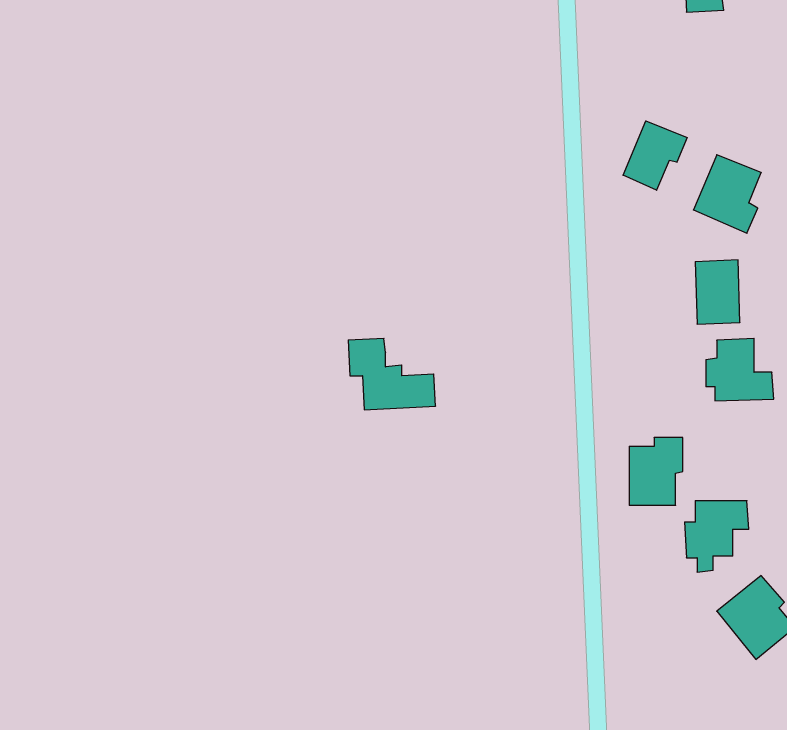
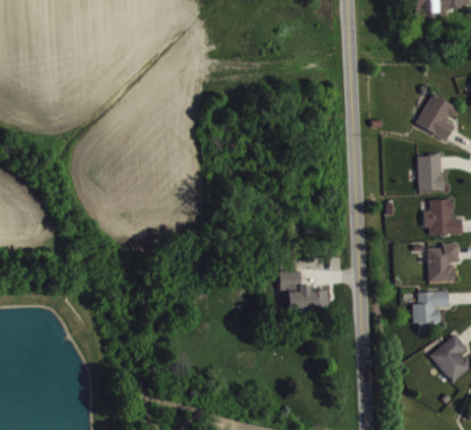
building: [623,121,687,190] -> none
building: [348,338,436,410] -> [274,265,324,306]
building: [629,438,683,505] -> [427,243,458,282]

